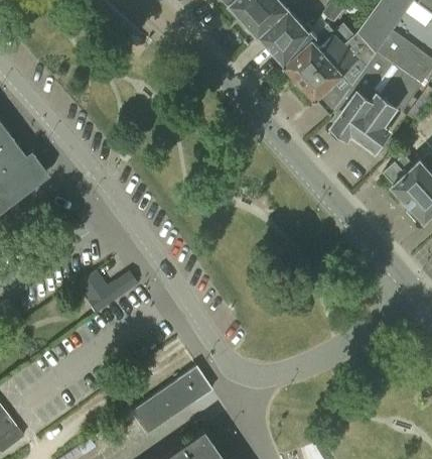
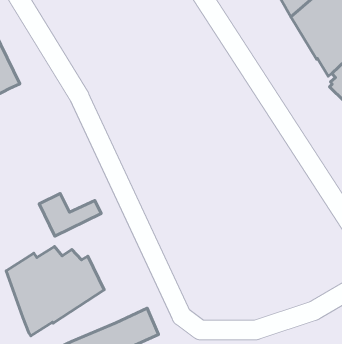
building: none -> [6,246,104,336]

